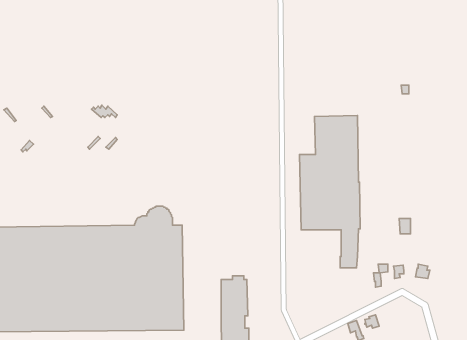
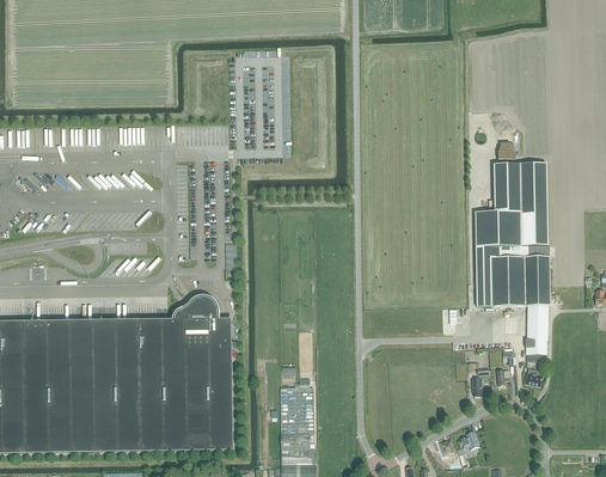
building: [299,116,360,268] -> [473,161,550,353]

